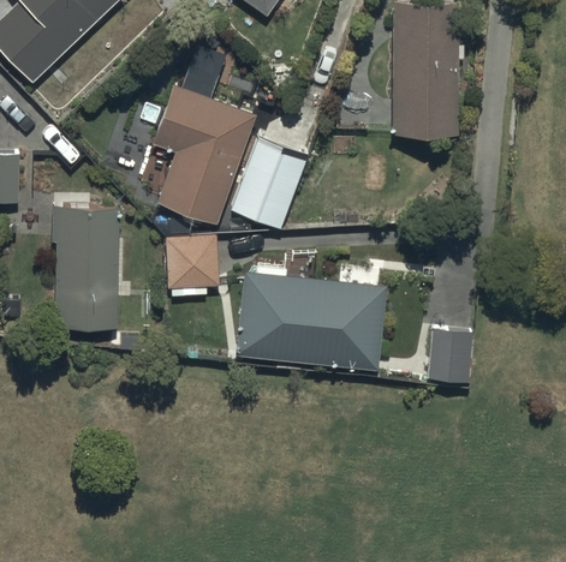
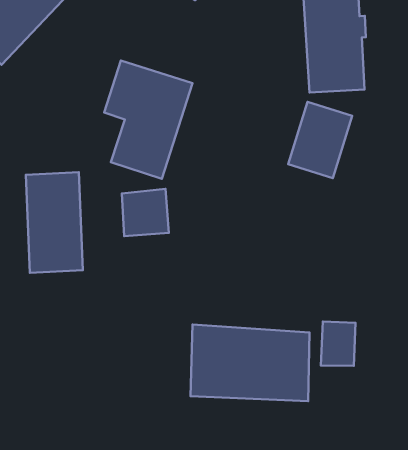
building: [232,139,310,231] -> [288,102,352,178]
building: [237,271,381,369] -> [190,325,310,401]
building: [430,328,473,382] -> [321,322,355,366]

